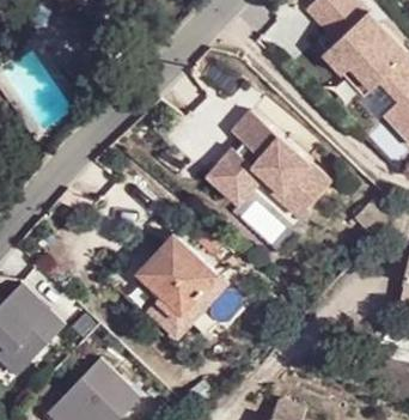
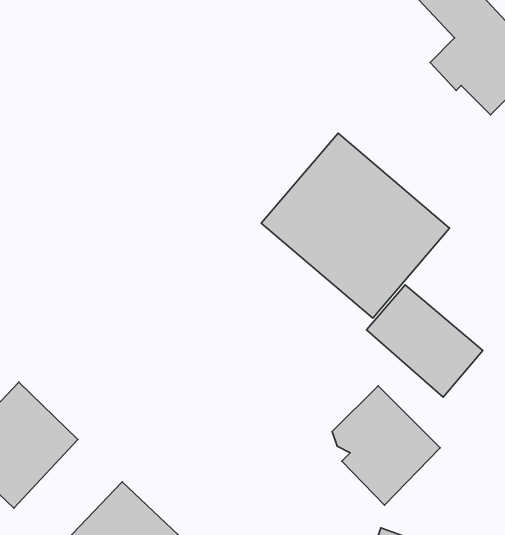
building: none -> [367,285,483,397]
building: [146,231,225,318] -> [332,386,440,505]

